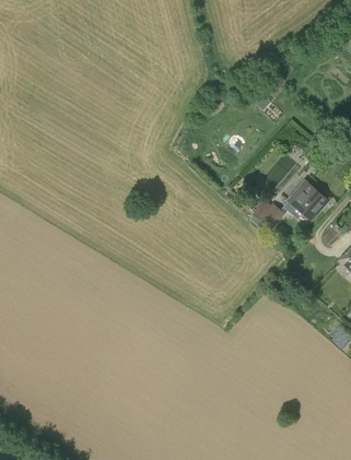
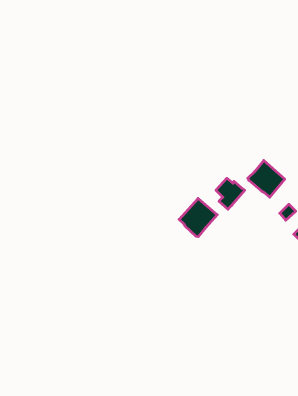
building: none -> [179,198,217,237]

